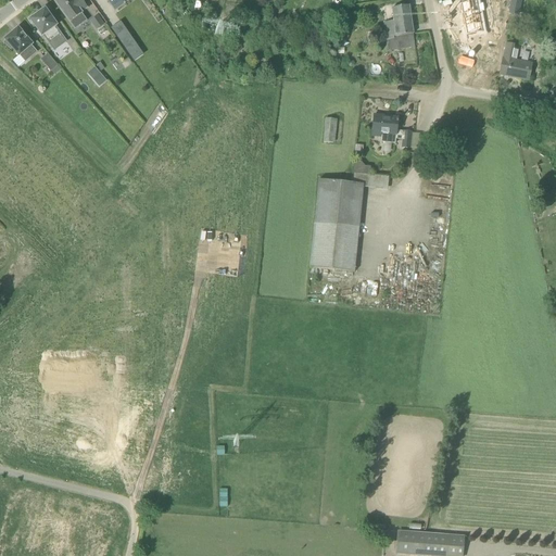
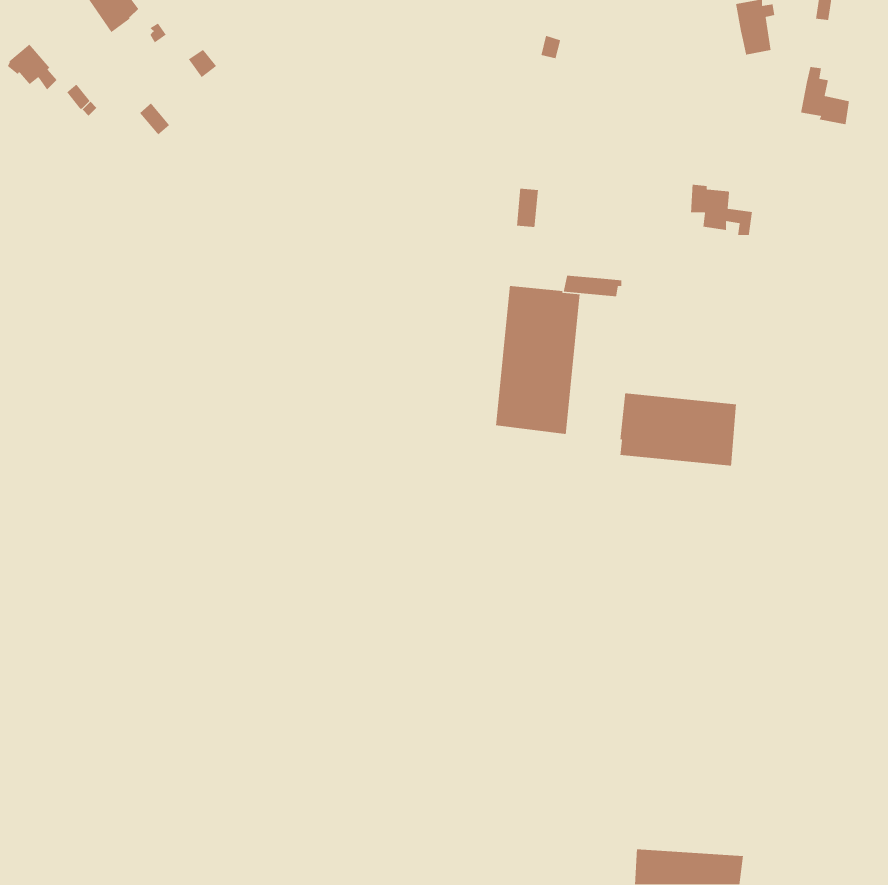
building: [384,4,415,49] -> none
building: [28,8,60,39] -> none
building: [372,113,412,146] -> [690,184,753,236]
building: none -> [620,393,737,467]

